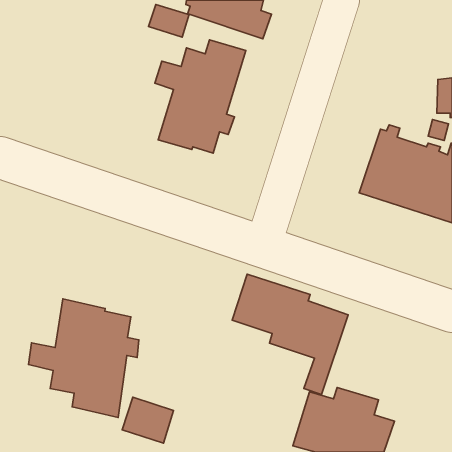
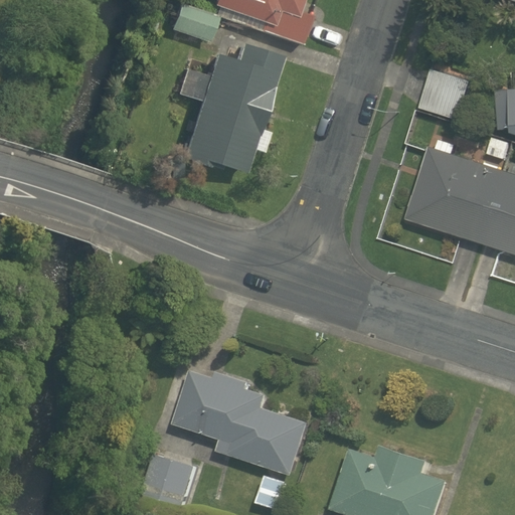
building: none -> [421,67,472,120]
building: [232,274,348,395] -> [176,372,308,509]
building: [29,299,139,417] -> none

